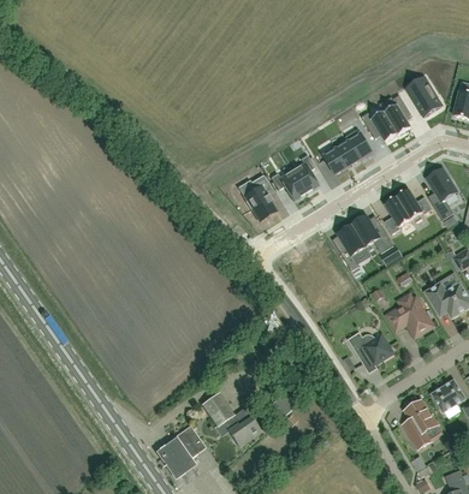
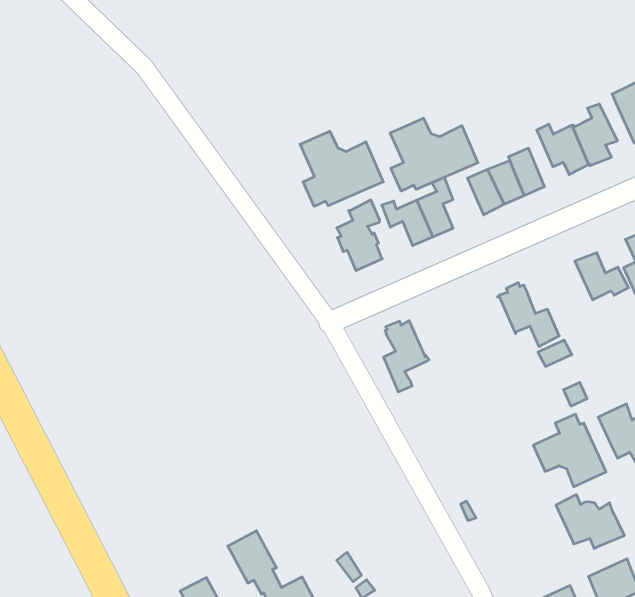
building: none -> [390,118,478,191]
building: none -> [300,131,383,206]
building: [385,196,411,233] -> none
building: [338,225,368,270] -> [383,321,429,392]
building: [348,331,393,363] -> [556,495,624,549]

